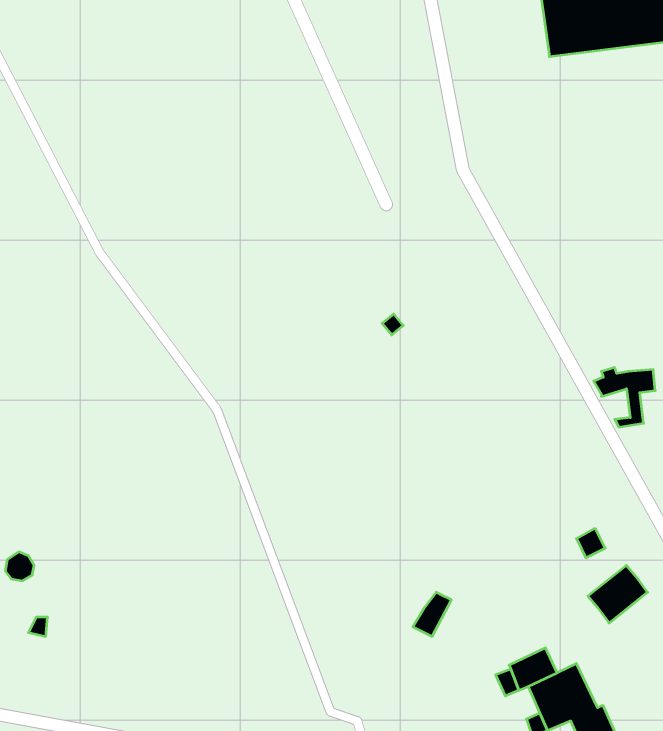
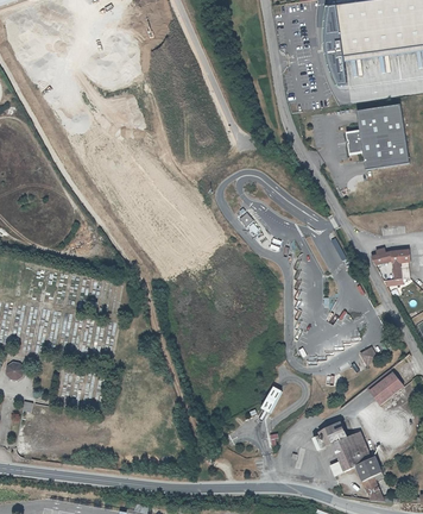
building: none -> [345,106,409,171]

